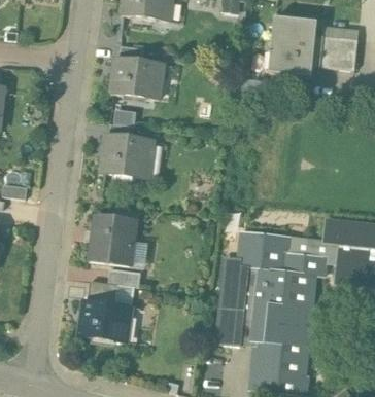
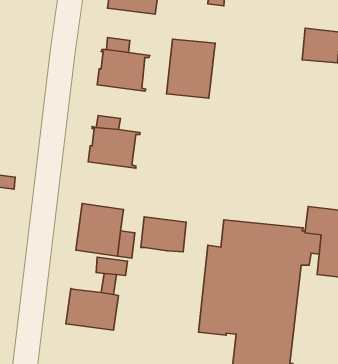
building: [268,16,317,76] -> [166,39,215,98]
building: none -> [141,217,186,252]
building: [88,280,117,303] -> none

